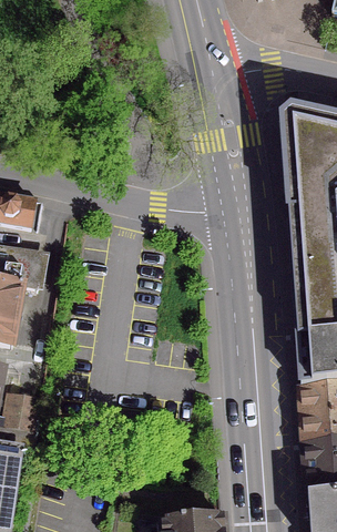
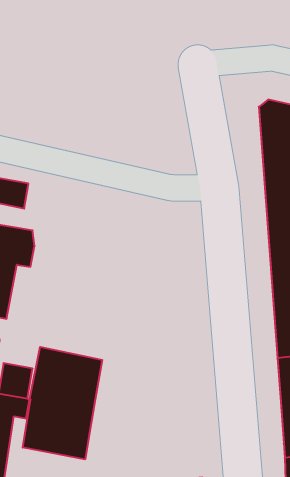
building: none -> [23,347,102,459]

